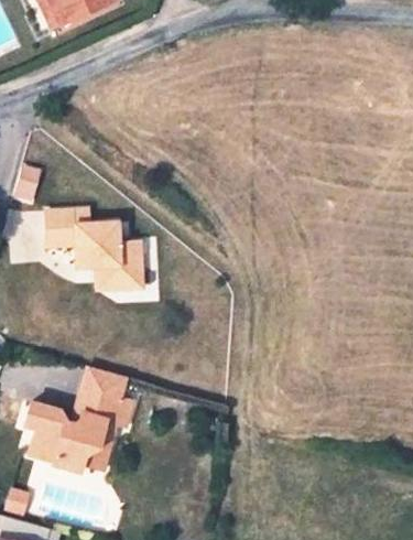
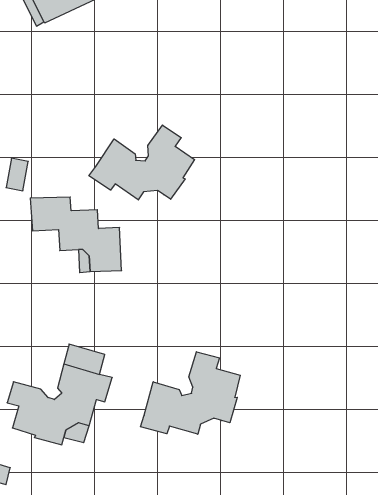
building: none -> [89,125,195,200]
building: none -> [140,352,240,434]

